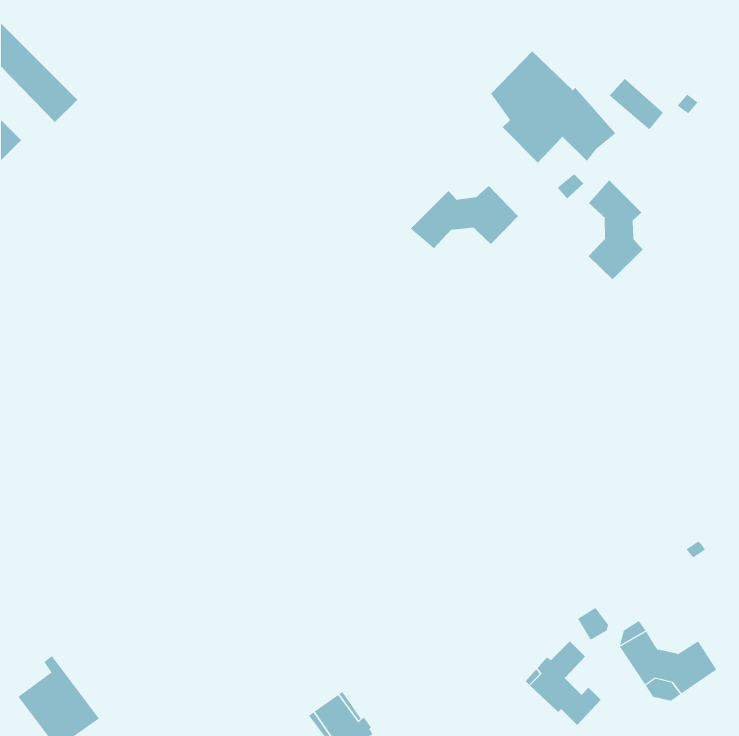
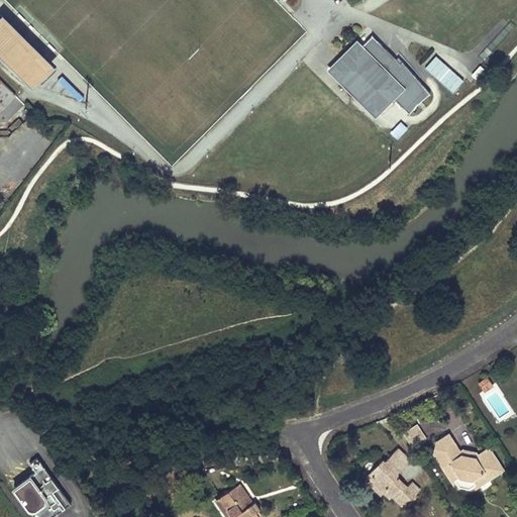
building: none -> [331,45,360,91]
building: [588,179,644,280] -> none
building: [410,185,519,249] -> none

